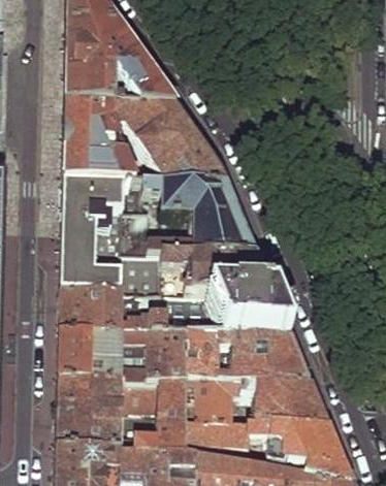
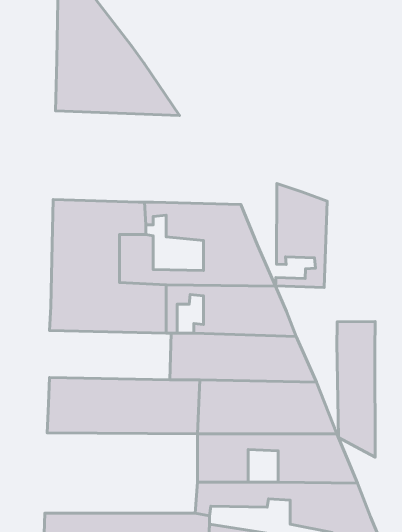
building: [65,98,226,179] -> none
building: none -> [276,184,327,287]
building: none -> [337,321,375,457]
building: [62,287,166,329] -> none
building: [58,375,189,444] -> none

